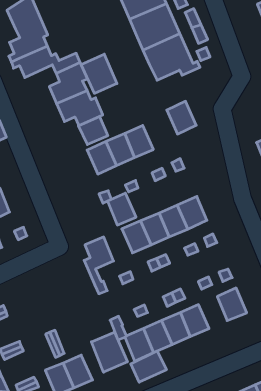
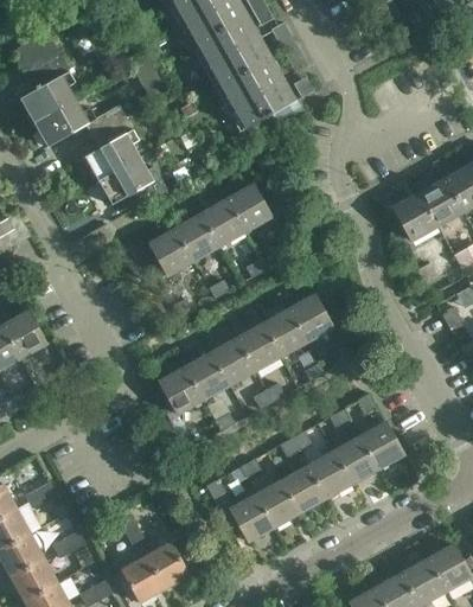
building: [81,54,117,93] -> none
building: [167,101,196,134] -> [226,184,271,232]
building: [78,116,108,145] -> none
building: [107,193,136,225] -> [186,352,230,400]
building: none -> [333,436,377,484]
building: [91,332,127,372] -> none
building: [131,351,166,382] -> none

